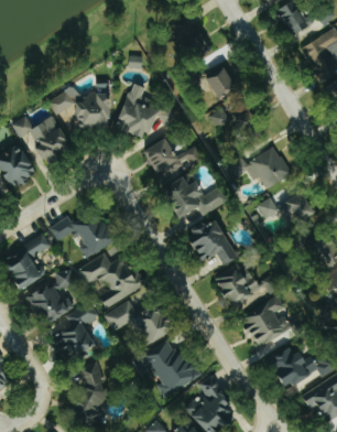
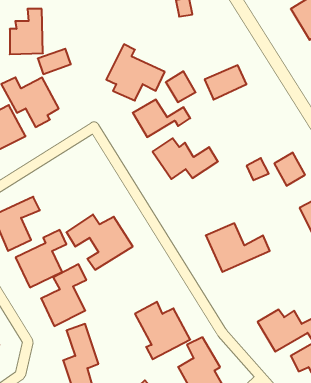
building: [205,66,235,97] -> [166,71,196,102]
building: [76,83,109,128] -> [10,9,43,54]
building: [242,145,290,188] -> none
building: [48,213,113,258] -> none
building: [186,219,237,266] -> none
building: [240,294,289,346] -> none
building: [102,300,173,344] -> none

